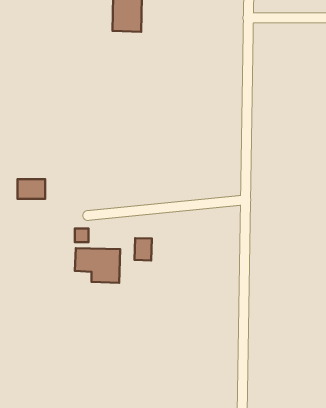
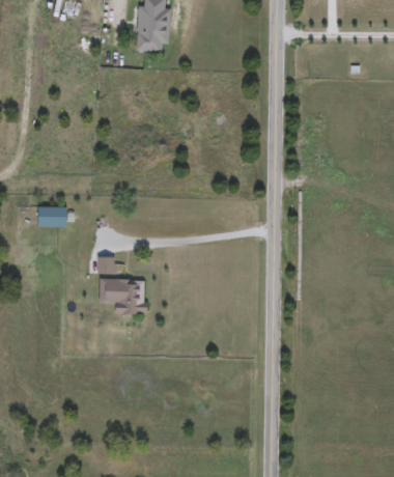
building: [135,238,152,260] -> none

